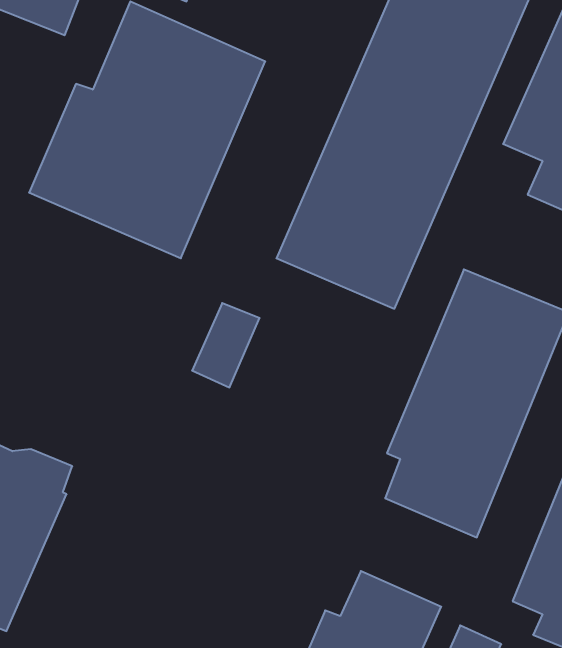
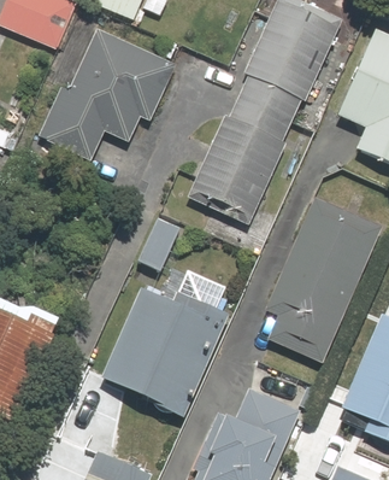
building: none -> [100,288,231,420]

